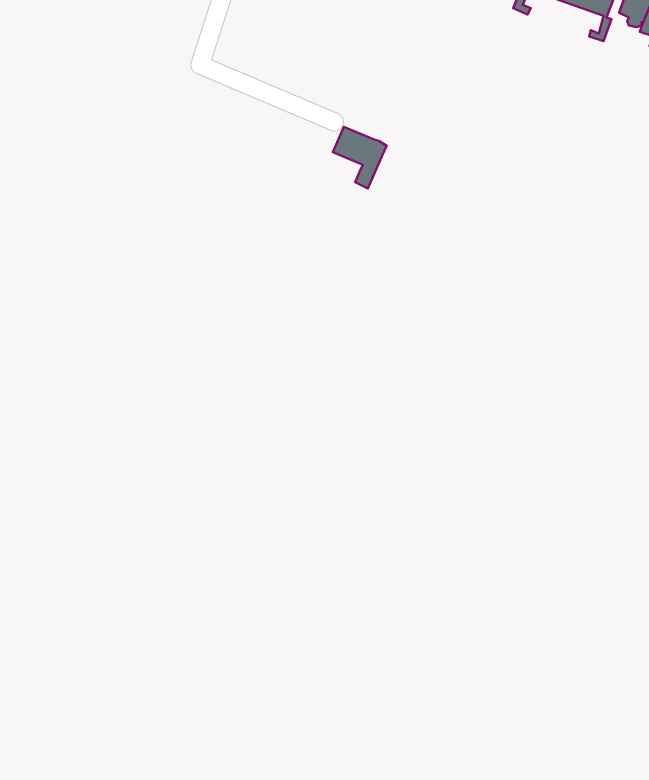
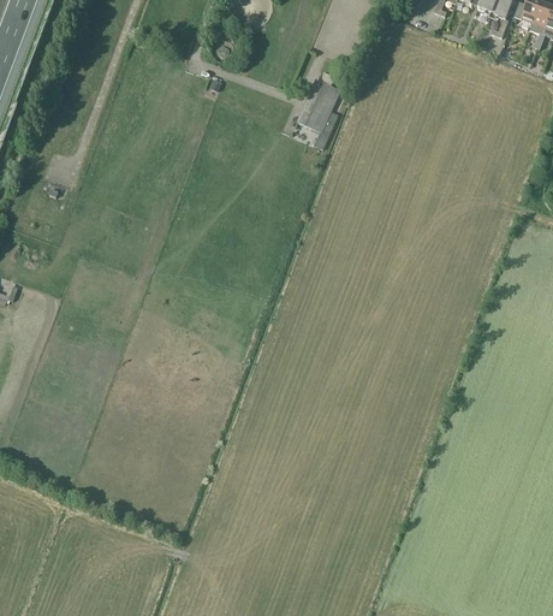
building: none -> [307,77,340,111]

